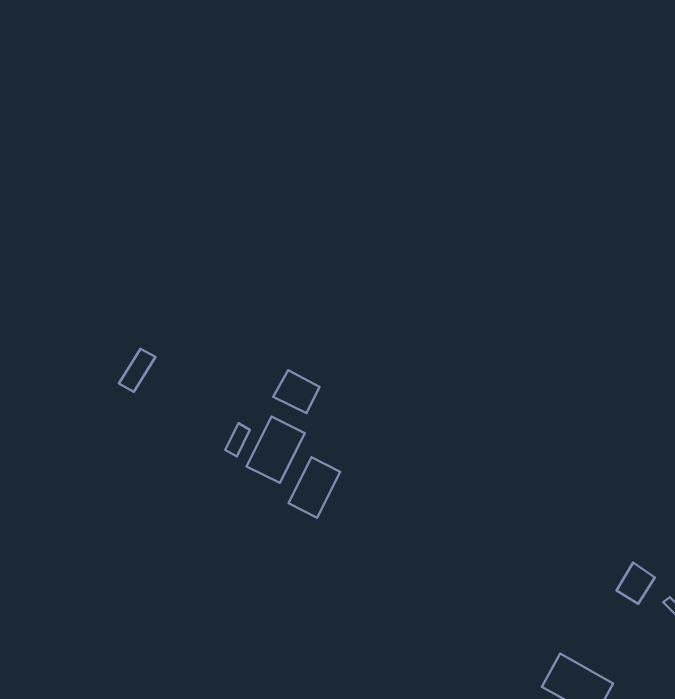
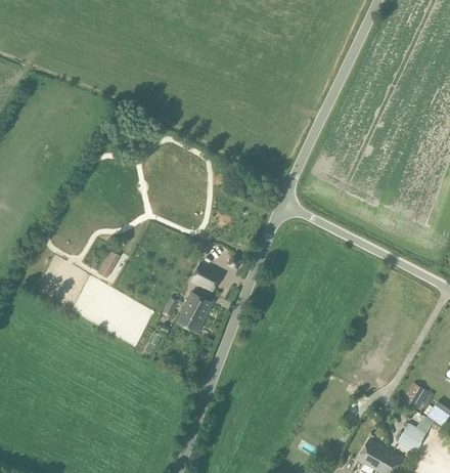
building: [288,457,340,518] -> none
building: none -> [399,415,434,452]

